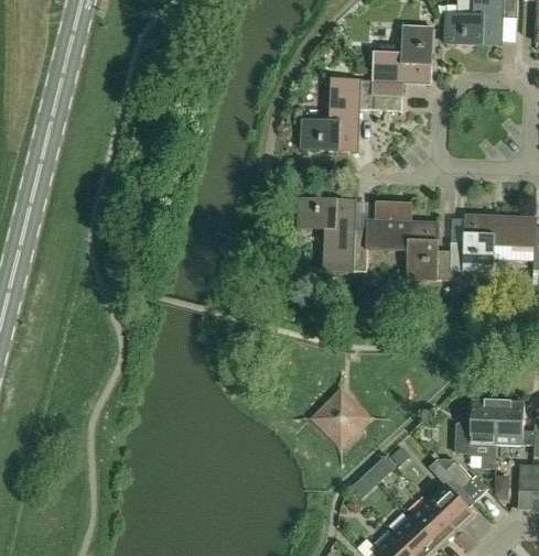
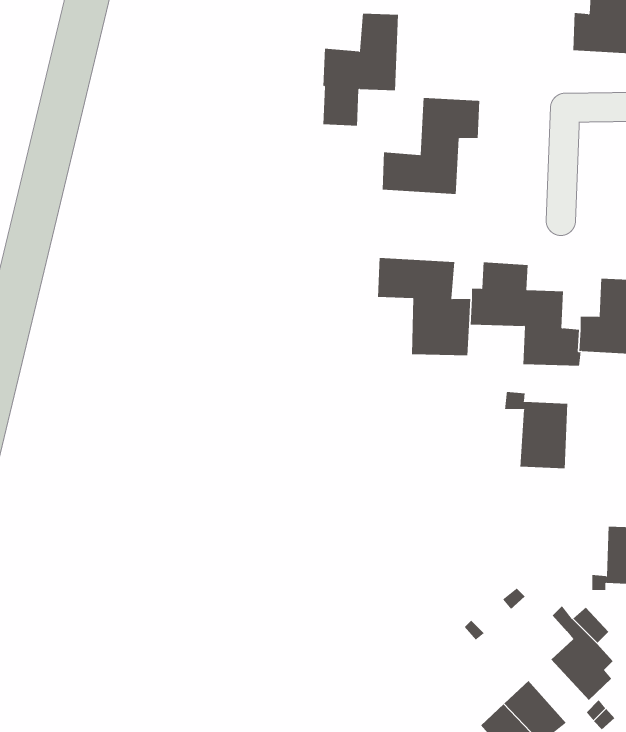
building: [374,24,431,109] -> [323,13,399,126]
building: none -> [505,391,568,469]
building: [311,386,371,448] -> none
building: [411,499,456,546] -> none

